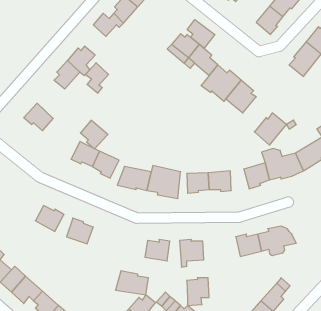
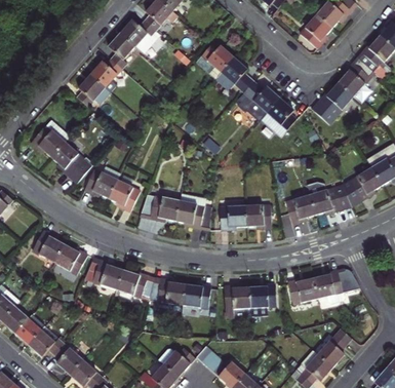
building: [187,20,215,48] -> none
building: [85,63,109,93] -> [107,35,133,70]
building: [254,113,286,145] -> [324,81,361,118]
building: [80,120,108,149] -> [61,143,92,176]
building: none -> [30,229,62,261]
building: none -> [112,268,144,296]
building: [116,271,148,295] -> [144,275,182,303]
building: [187,278,209,305] -> [245,281,271,313]

